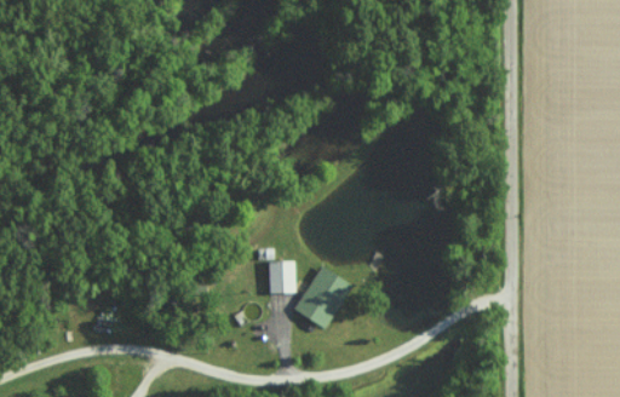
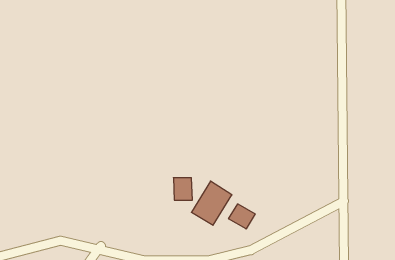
building: none -> [229,204,255,229]

